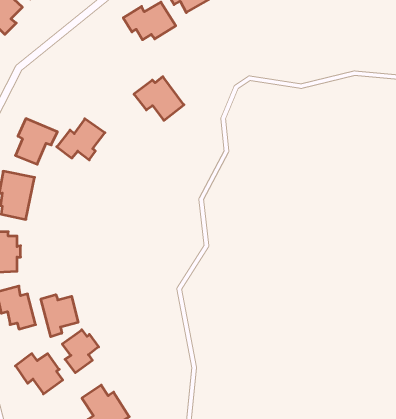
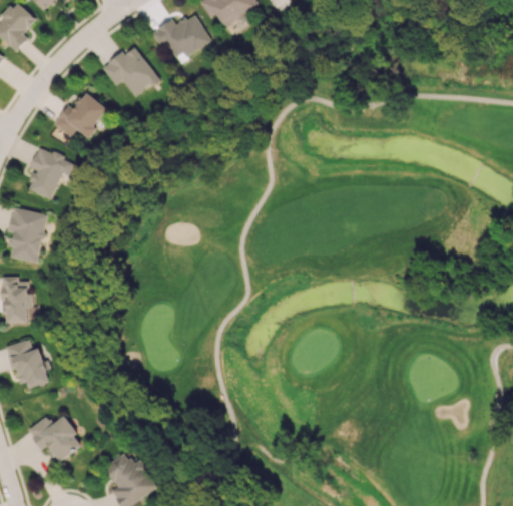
building: [134,77,184,120] -> [101,47,158,97]
building: [57,119,105,160] -> [53,92,108,139]
building: [41,295,78,337] -> none
building: [62,330,99,373] -> none

